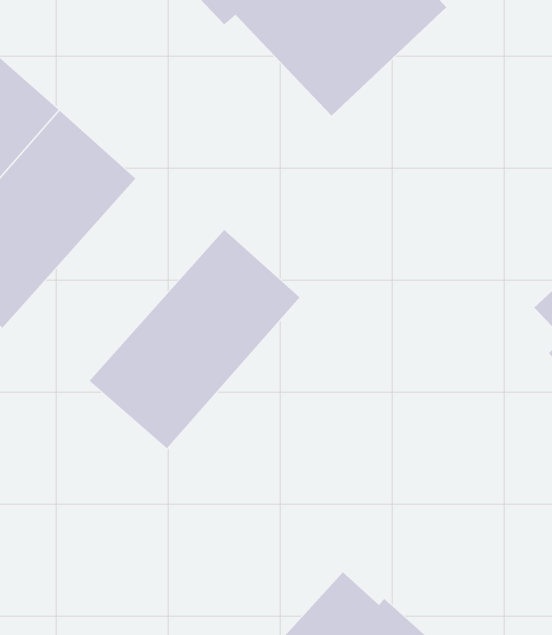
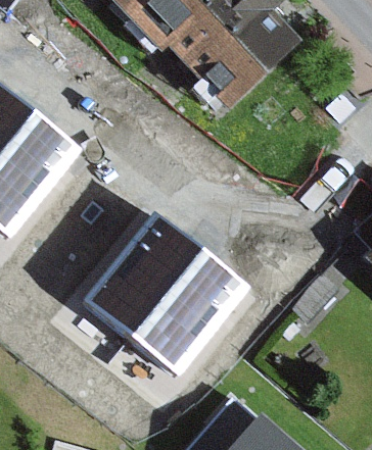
building: none -> [123,226,254,362]

